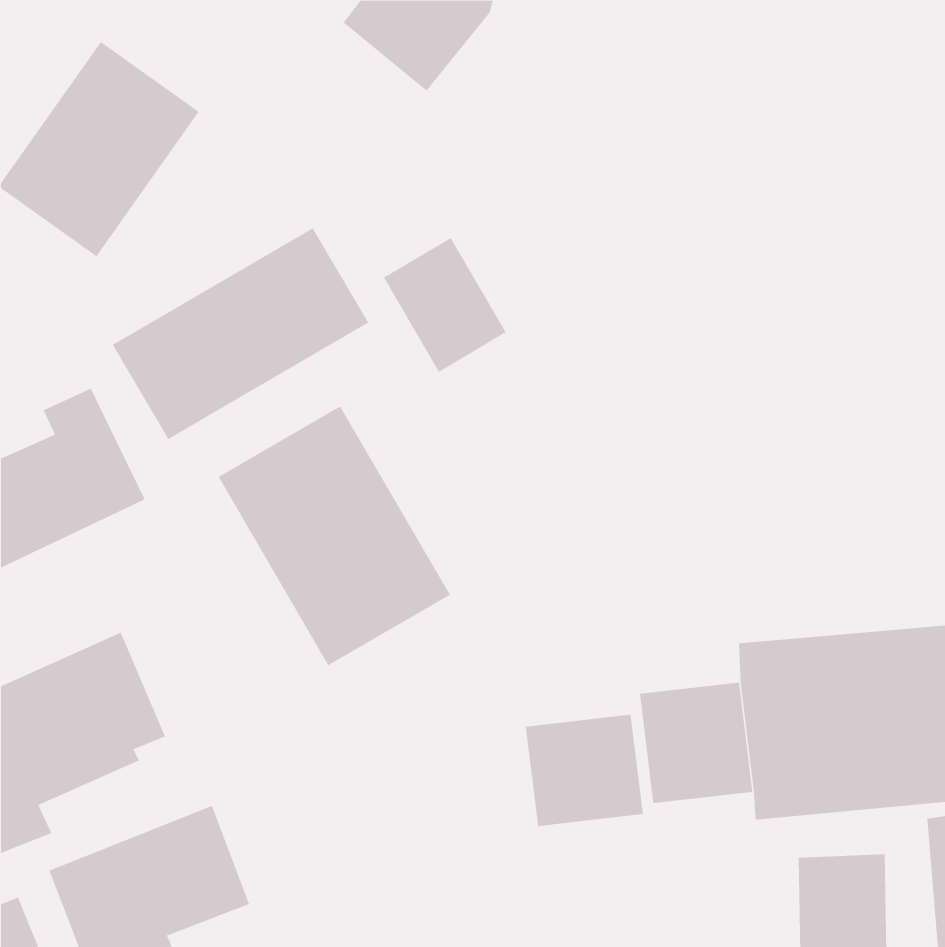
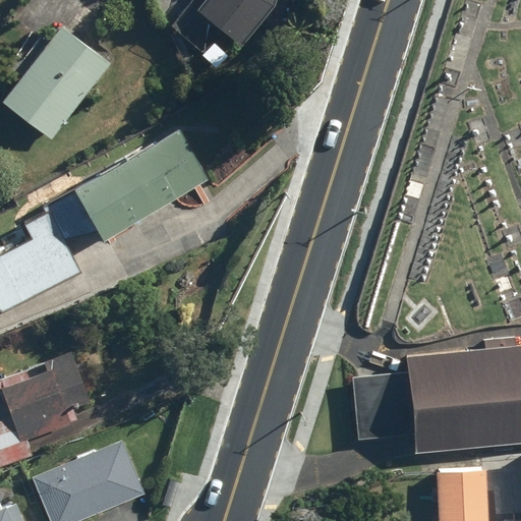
building: [383,237,506,373] -> none
building: [218,406,451,666] -> none
building: [525,714,643,827] -> none

